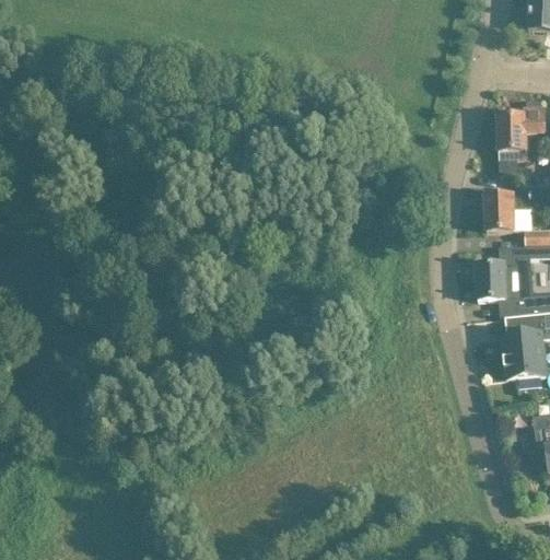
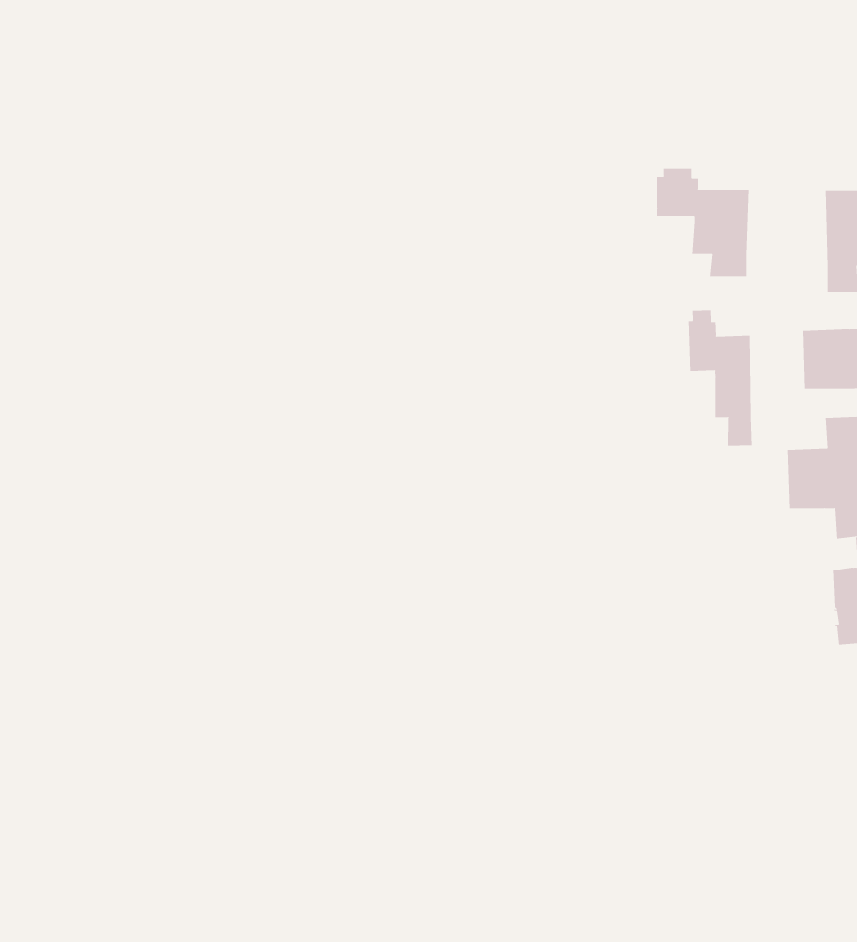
building: none -> [657,168,749,277]
building: none -> [688,309,752,447]

